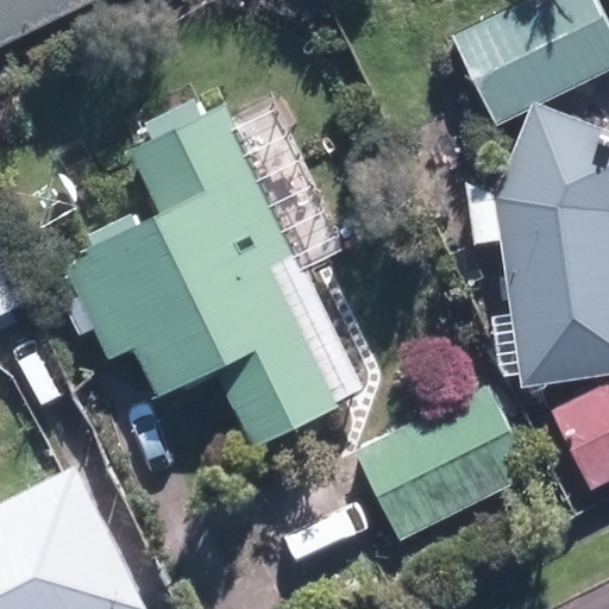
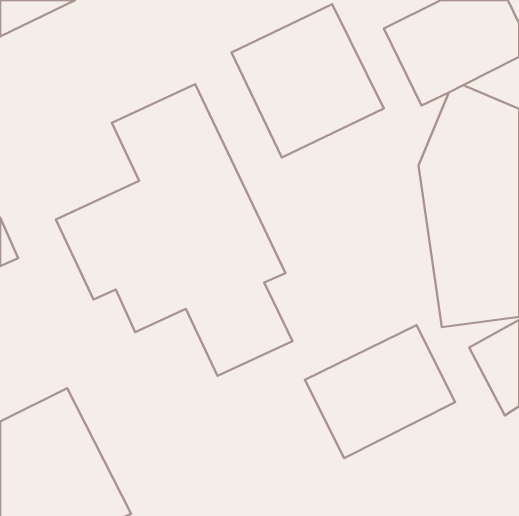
building: none -> [232,4,384,157]

